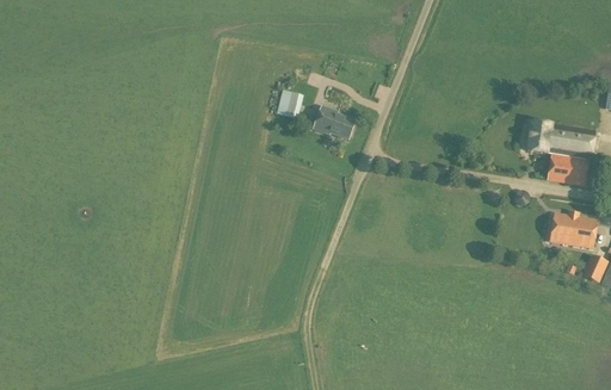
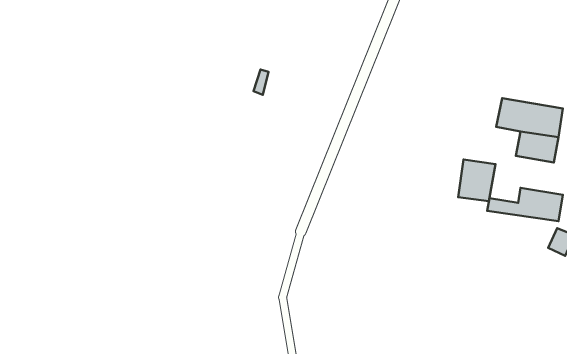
building: [315,107,356,140] -> none
building: none -> [458,160,496,201]

